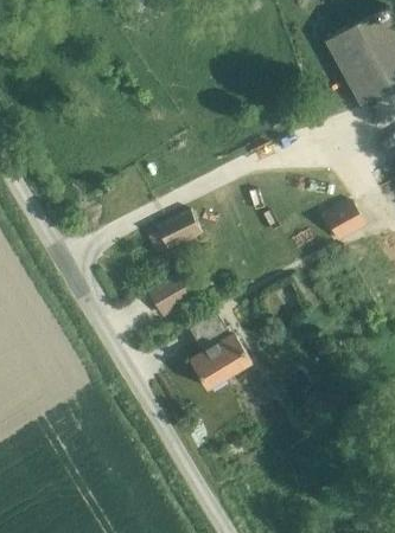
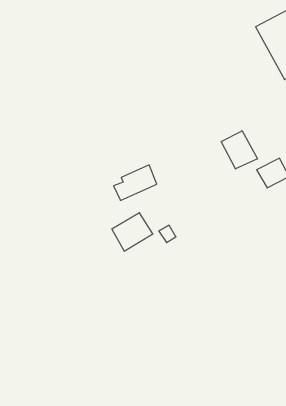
building: none -> [221,131,257,169]
building: [190,313,251,390] -> none

